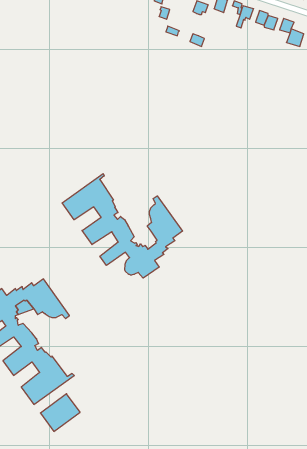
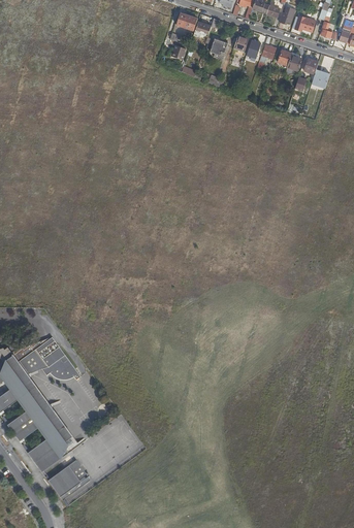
building: [62,174,183,278] -> none

